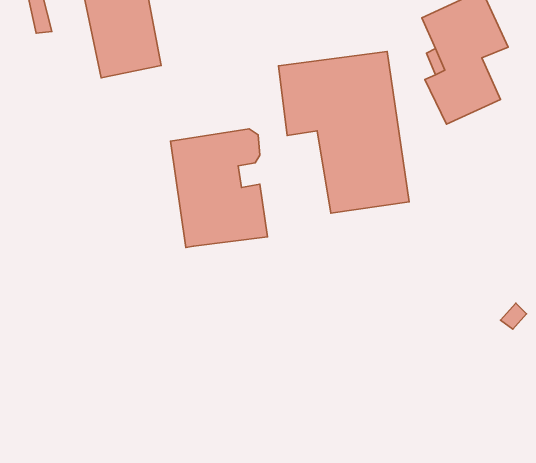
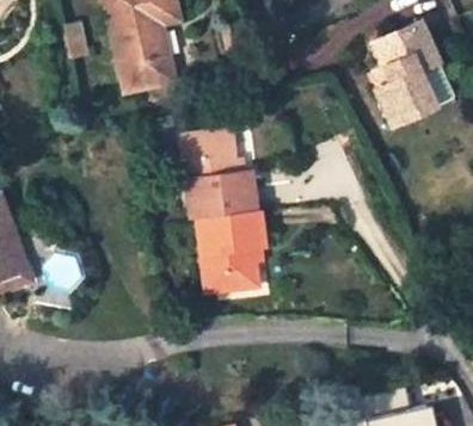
building: [279,51,409,213] -> none
building: none -> [196,212,262,294]

